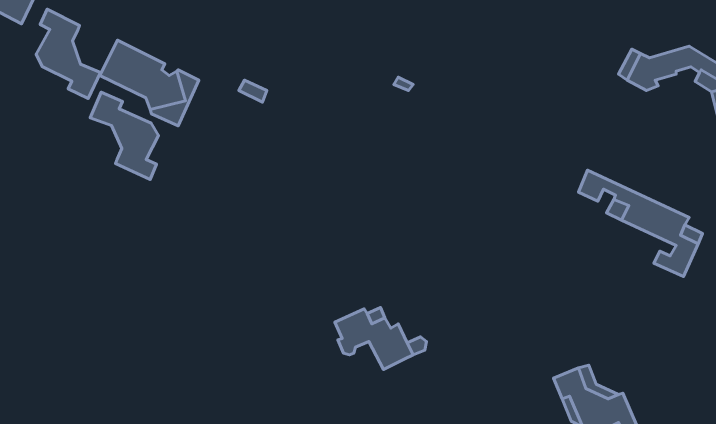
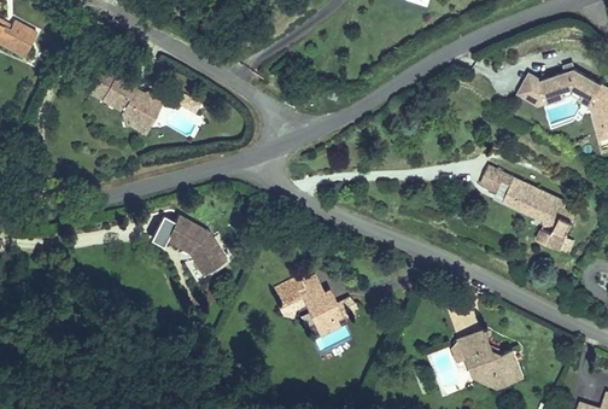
building: [36,9,101,99] -> none
building: [90,92,159,179] -> none
building: none -> [160,224,221,282]

